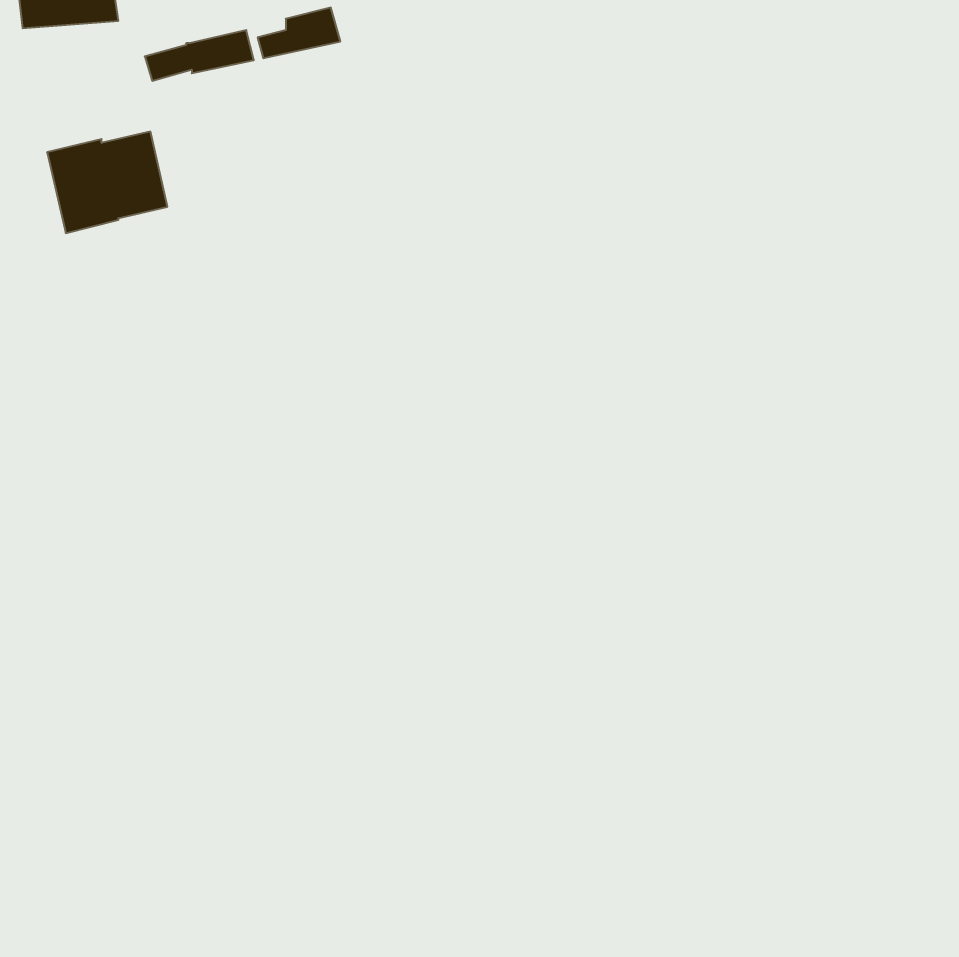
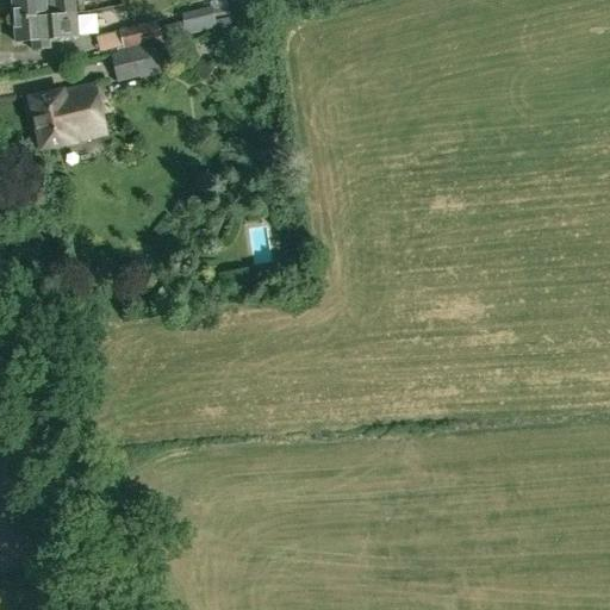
building: none -> [14,13,77,48]
building: none -> [111,42,162,81]

